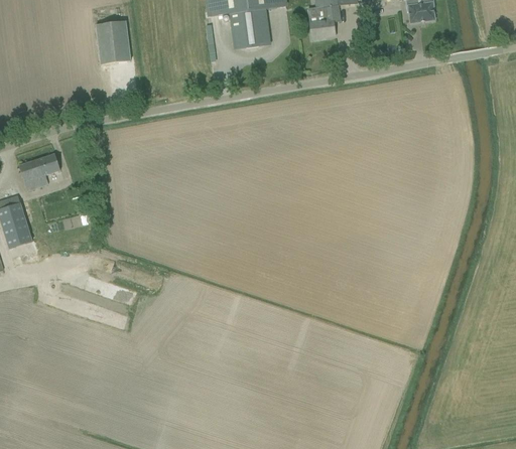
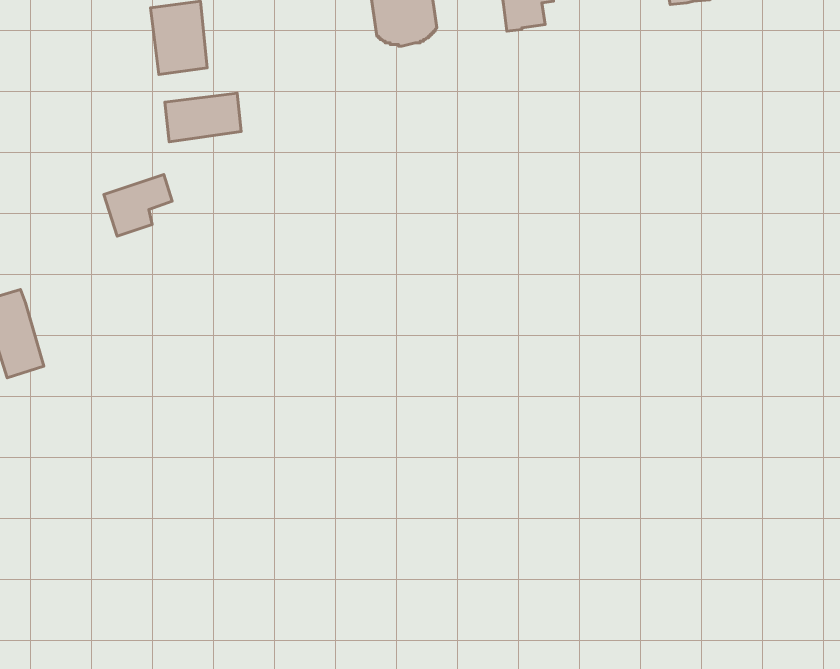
building: none -> [165,93,241,142]
building: [18,153,59,190] -> [104,175,172,236]

